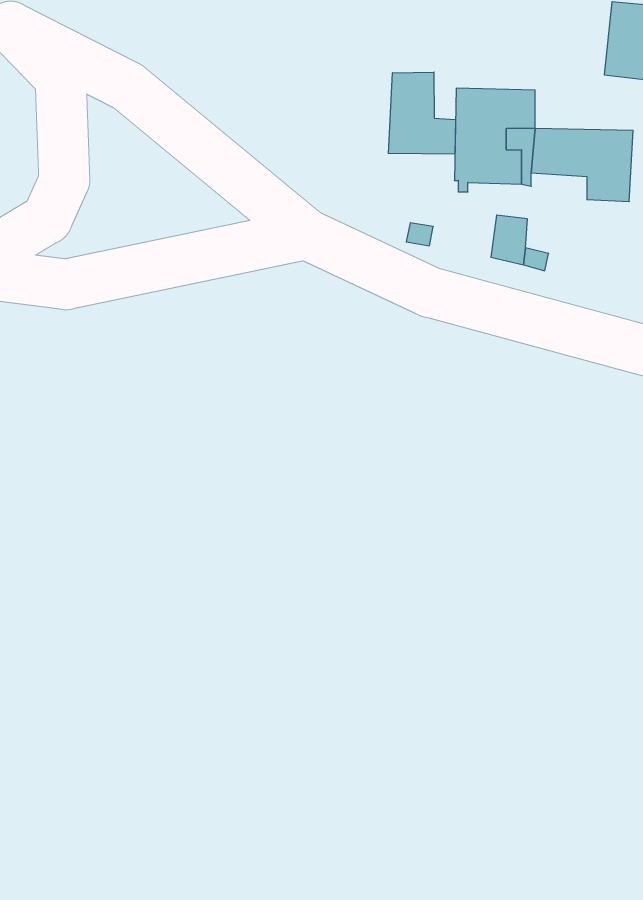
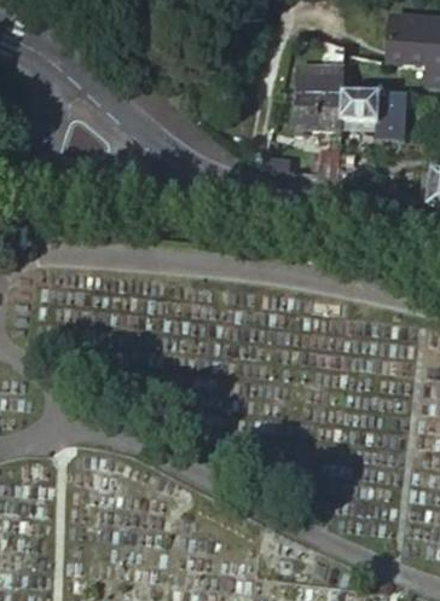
building: [388,72,456,154] -> none

